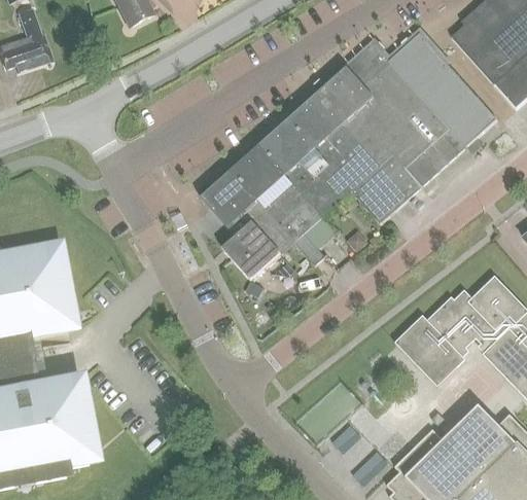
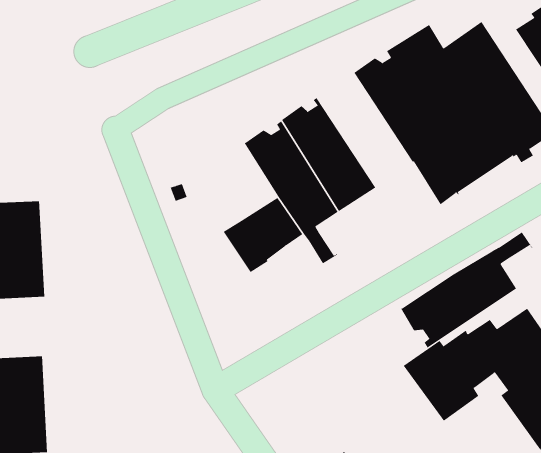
building: [287,93,408,221] -> none
building: [199,169,266,235] -> none
building: none -> [400,231,533,349]

